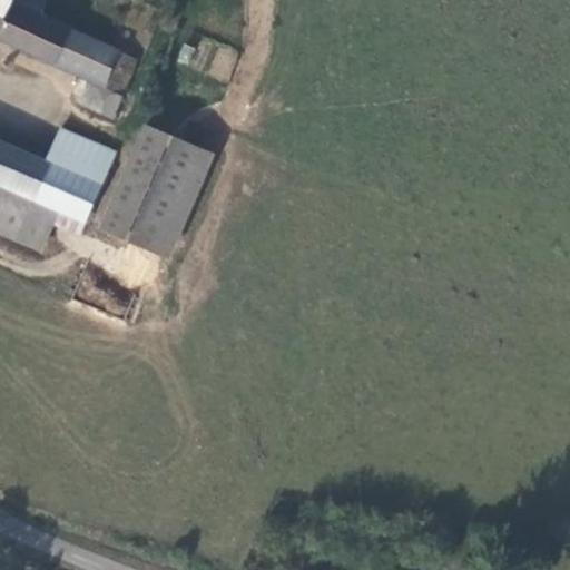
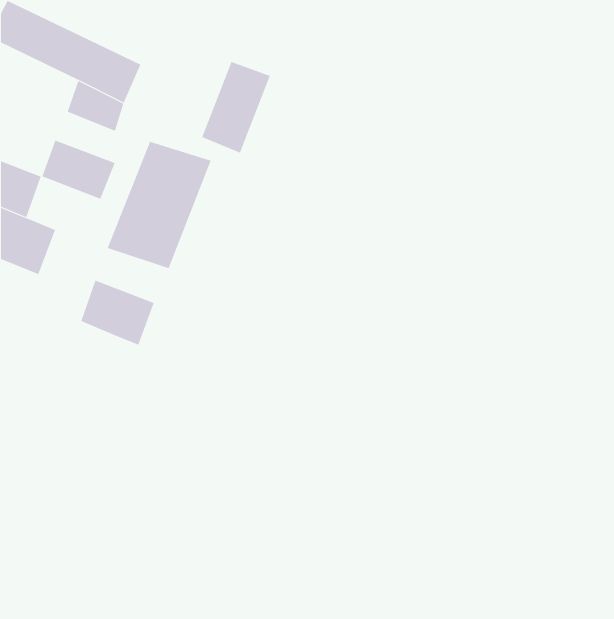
building: none -> [201,61,271,153]
building: [31,161,99,222] -> [80,280,155,346]

